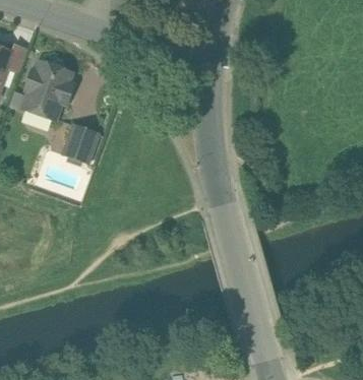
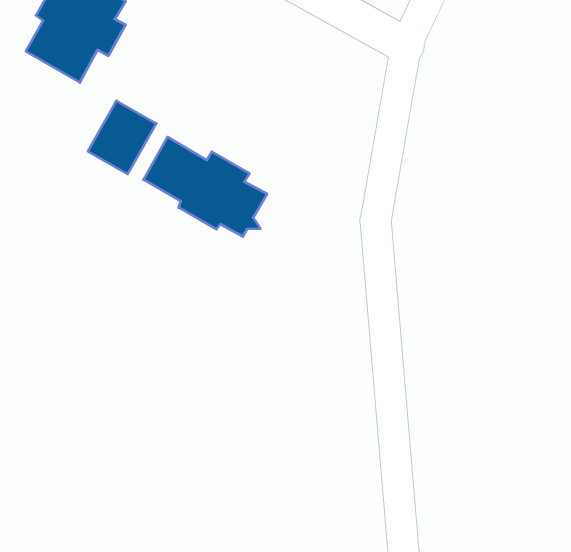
building: none -> [143,137,267,237]

